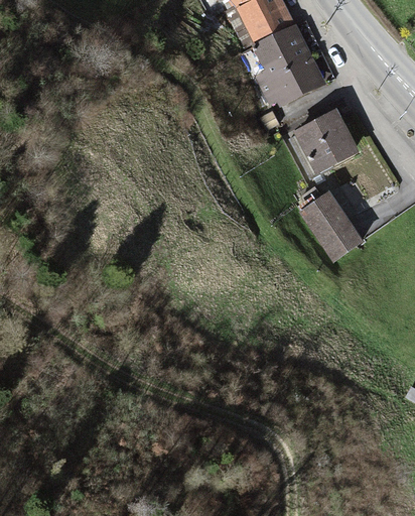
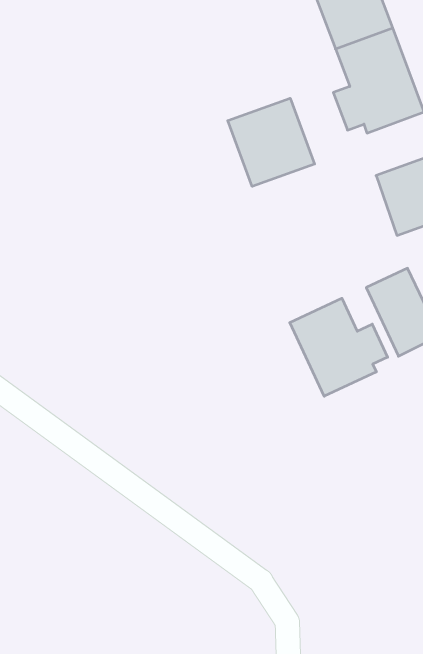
building: none -> [228,98,315,186]
building: none -> [290,298,388,396]

